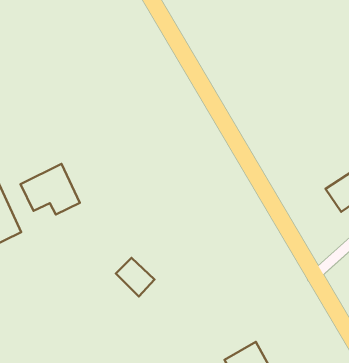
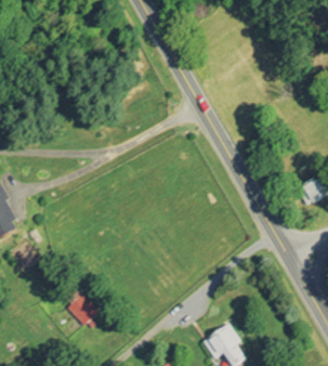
building: [20,164,80,215] -> none
building: [116,258,154,296] -> [66,291,101,326]

